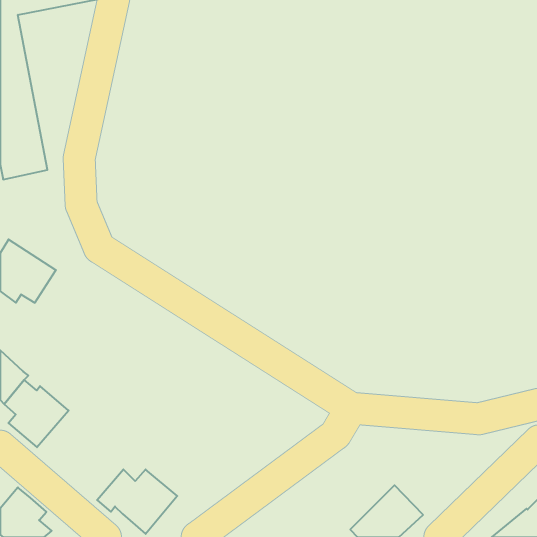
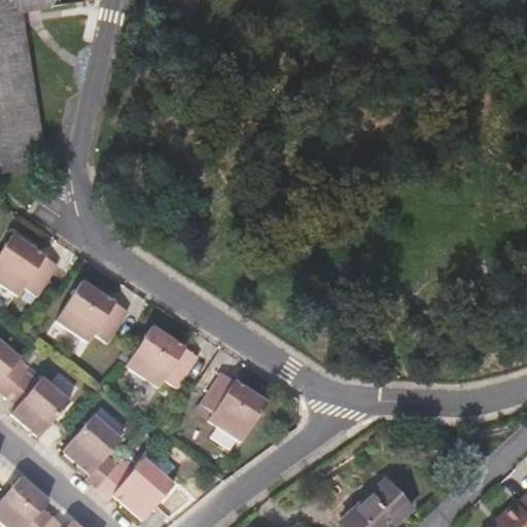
building: none -> [56,280,128,342]
building: none -> [126,325,197,387]
building: none -> [200,371,267,442]
building: none -> [59,411,122,488]

